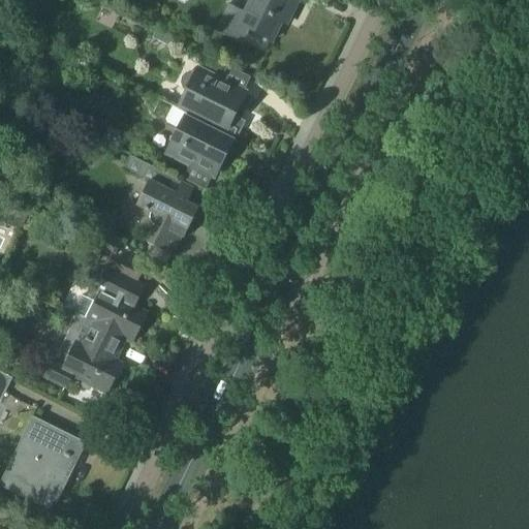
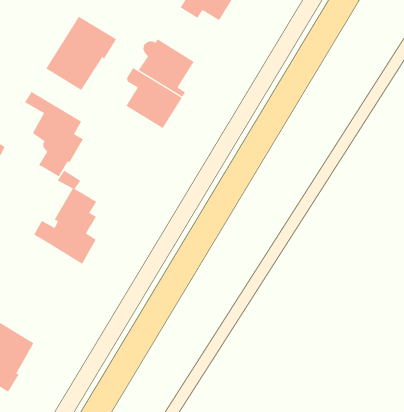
building: none -> [46,16,117,91]
building: [123,157,197,256] -> [24,91,84,177]
building: [42,316,125,395] -> none

